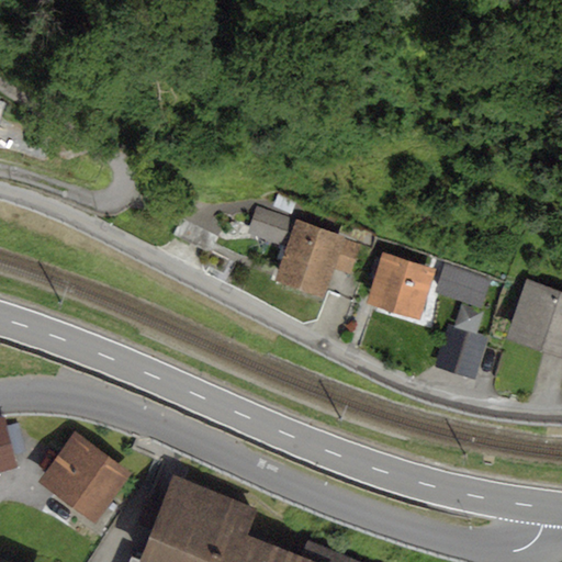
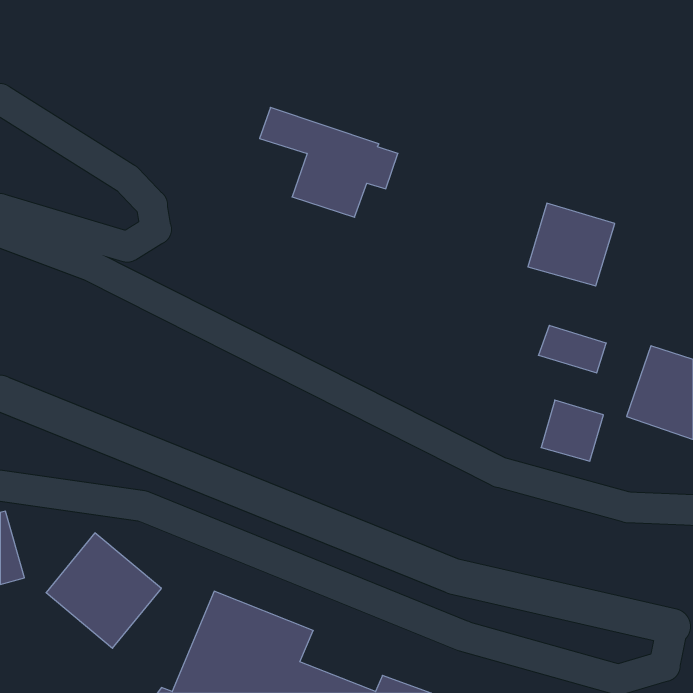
building: [248,207,360,296] -> [260,107,398,217]
building: [367,252,437,319] -> [528,203,615,286]

